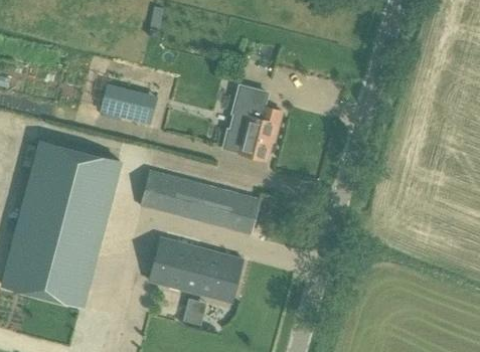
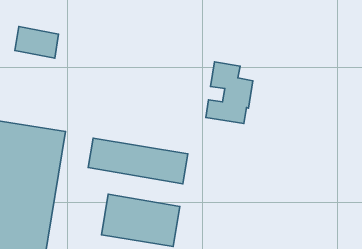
building: [104,83,156,124] -> [15,27,59,58]
building: [224,85,283,160] -> [206,62,253,123]

